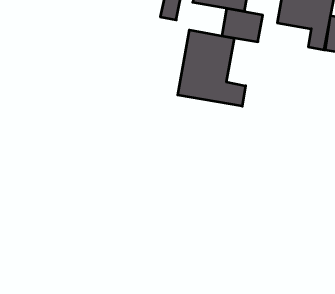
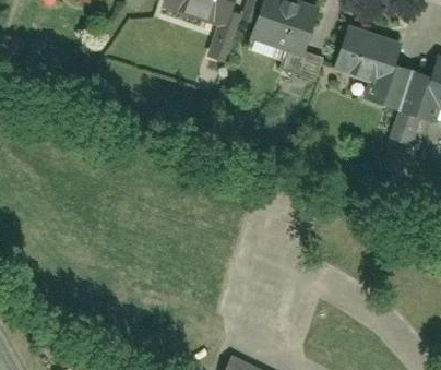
building: [178,30,246,106] -> none

